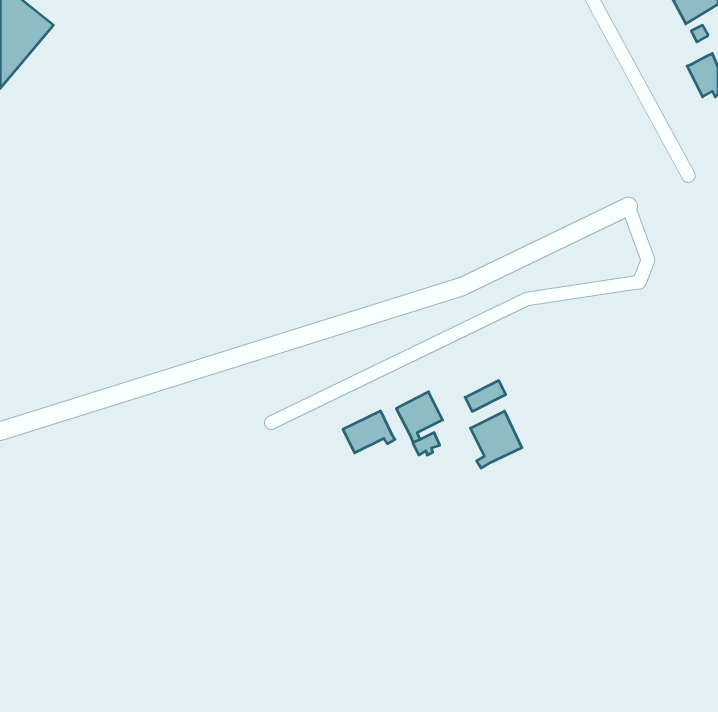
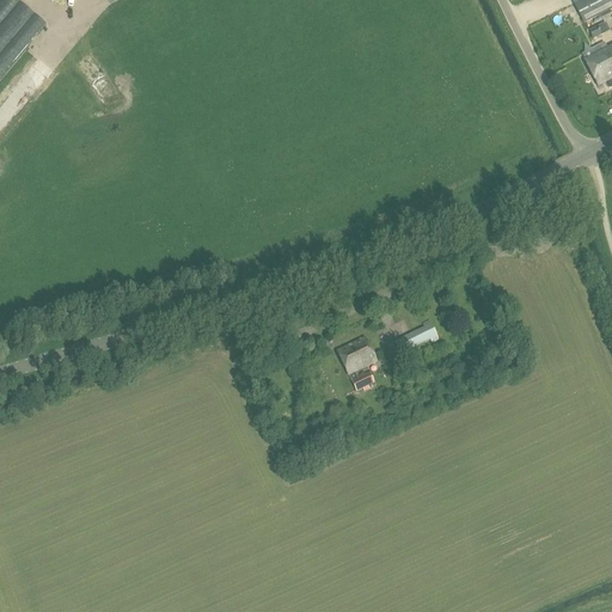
building: [343,411,395,453] -> none
building: [470,411,522,468] -> none

